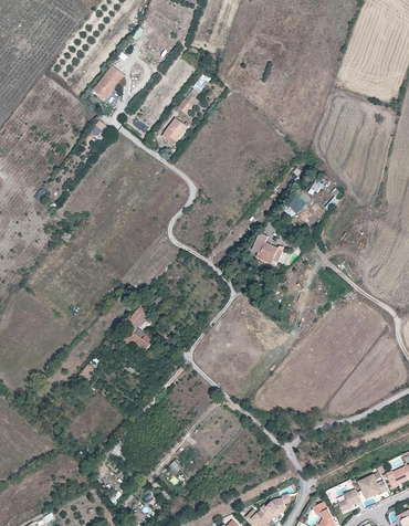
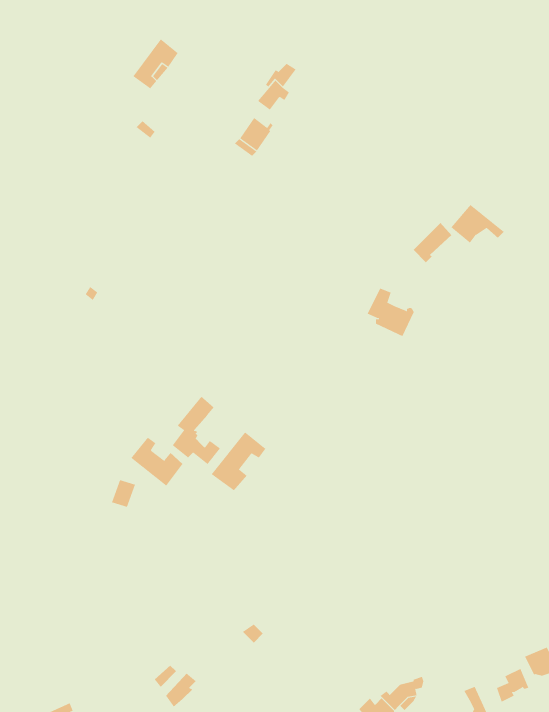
building: none -> [211,431,266,491]
building: none -> [131,437,183,487]

